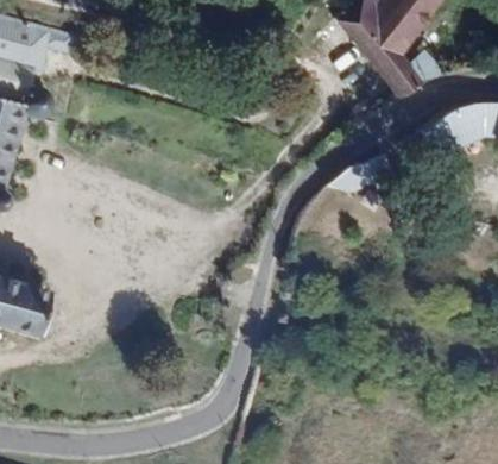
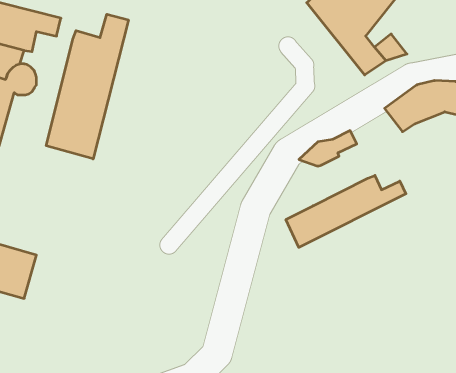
building: none -> [46,14,128,159]
building: none -> [286,175,406,247]

